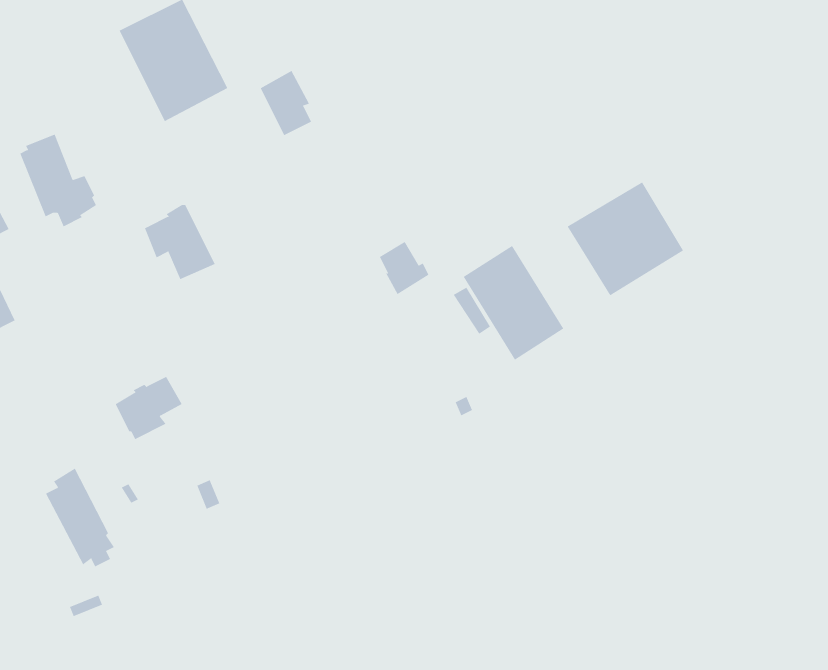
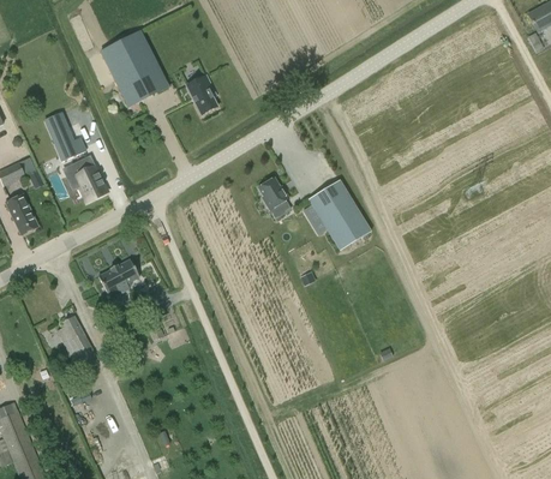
building: [567,181,684,296] -> none
building: [144,204,216,280] -> [65,156,108,202]

